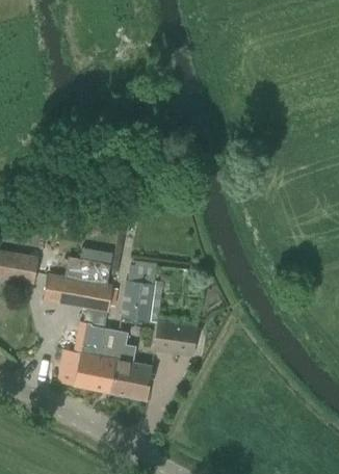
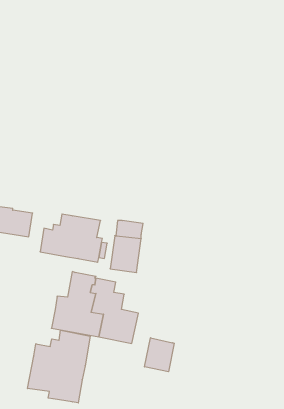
building: [155,321,195,354] -> none
building: none -> [28,330,90,403]
building: none -> [145,338,174,372]

